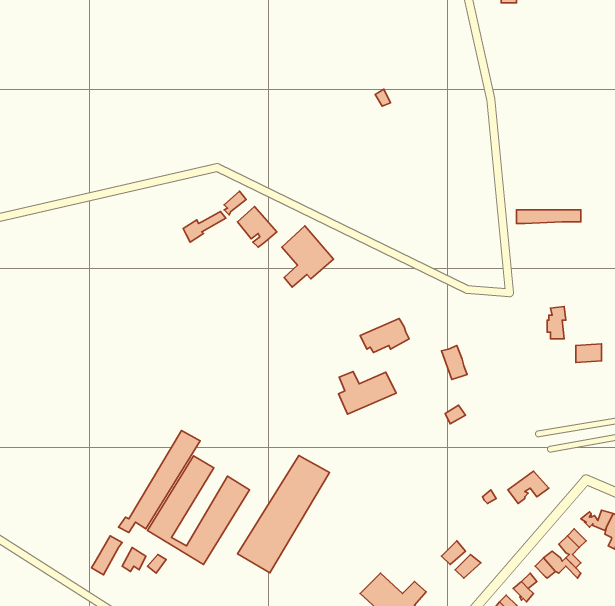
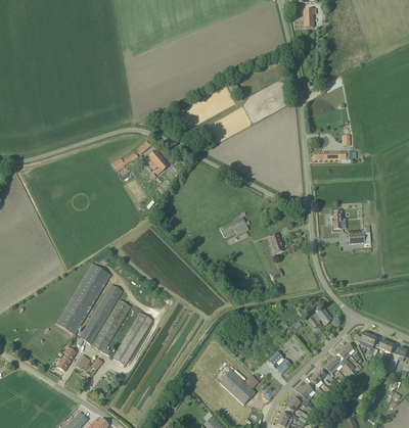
building: [282,226,334,287] -> none
building: [339,372,396,414] -> none
building: [238,456,329,573] -> [55,264,110,334]

